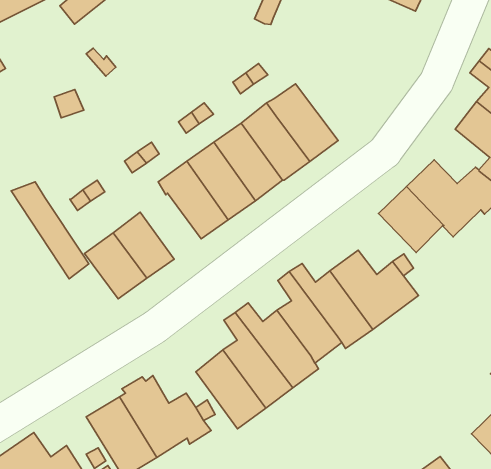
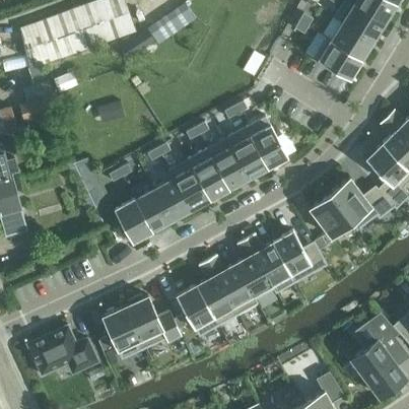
building: none -> [153,178,191,221]

